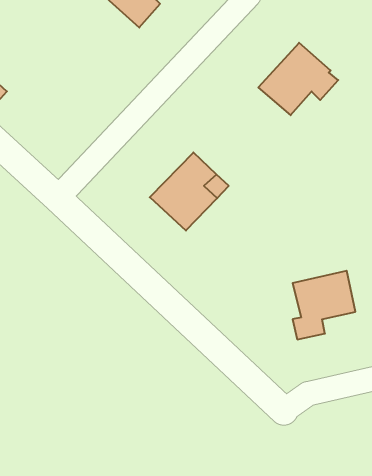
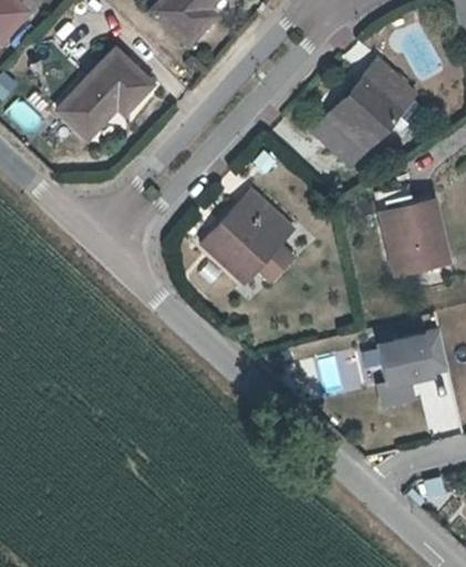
building: none -> [60,52,154,142]
building: none -> [315,113,367,162]
building: none -> [381,200,447,266]

